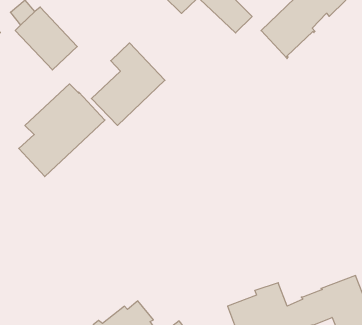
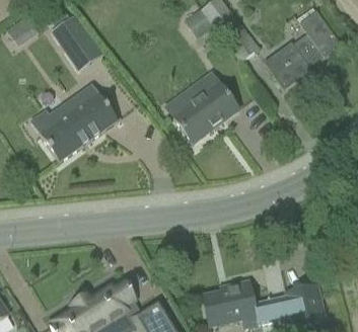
building: [91,43,165,125] -> [172,72,238,142]

